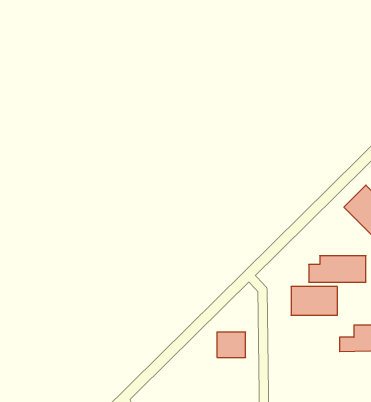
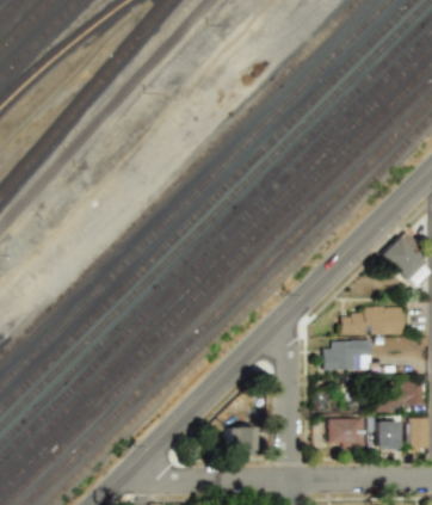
building: [217,332,246,357] -> [227,426,258,454]
building: none -> [328,419,365,447]
building: none -> [375,420,399,448]

